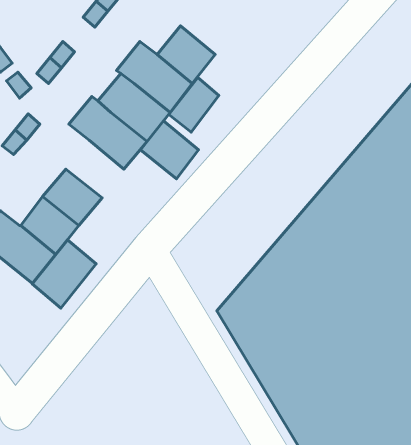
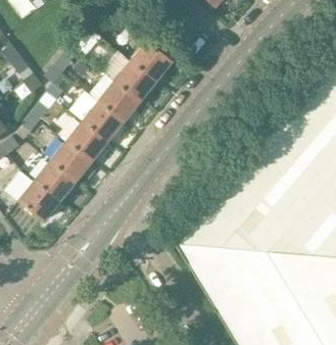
building: [169,77,219,132] -> none
building: [140,121,198,179] -> [67,121,108,162]
building: [32,240,96,308] -> none

